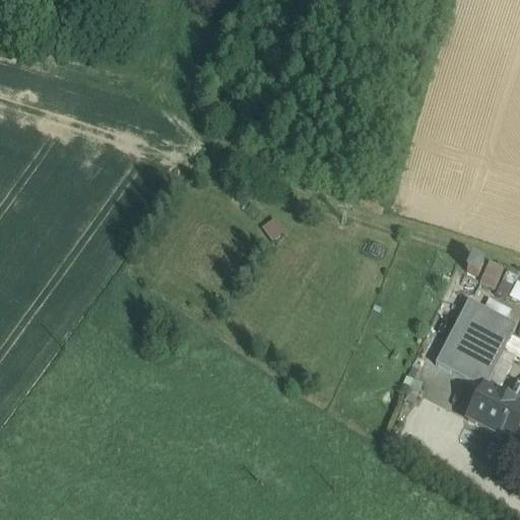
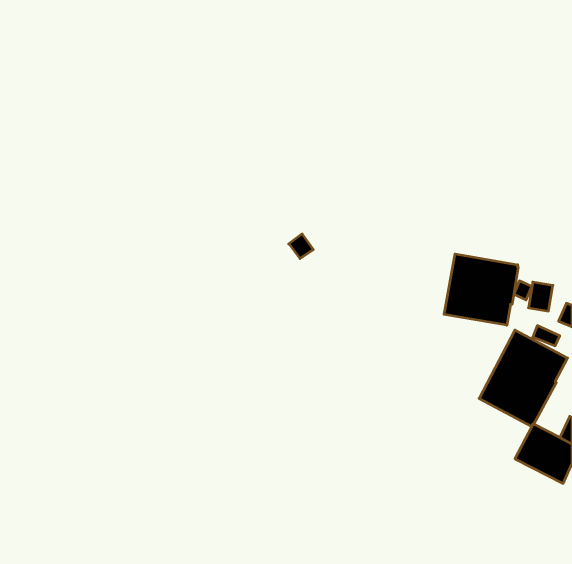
building: none -> [444,254,518,325]

